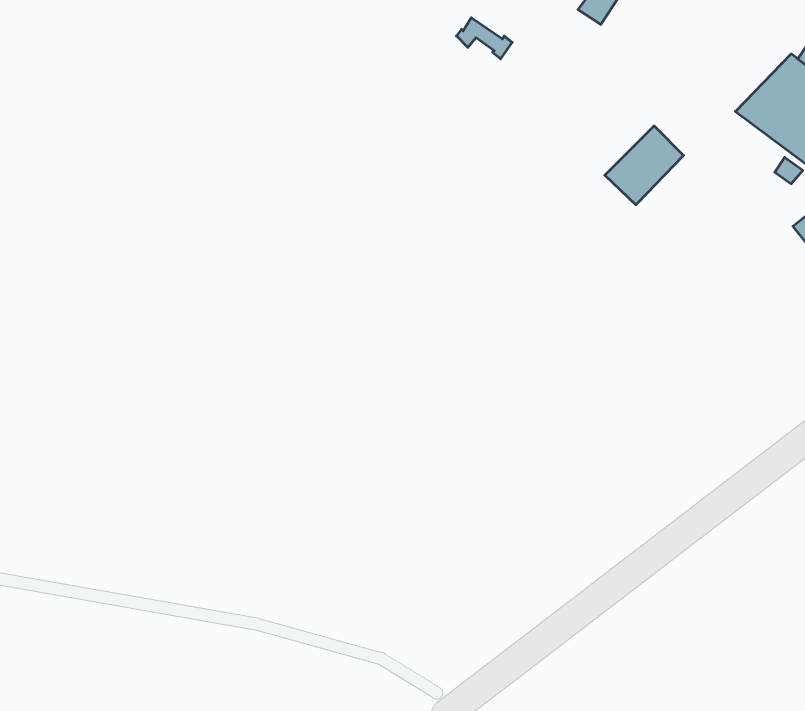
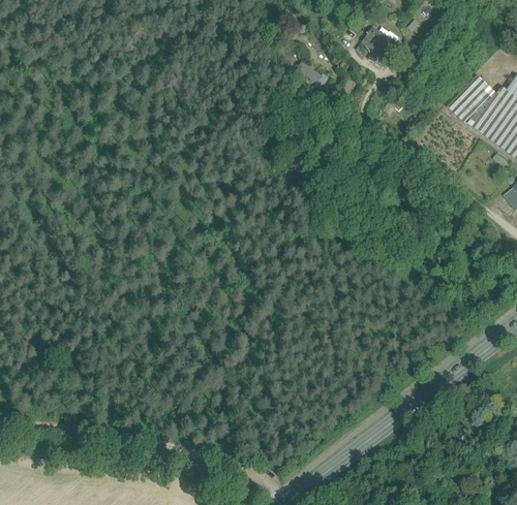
building: [605,126,684,205] -> [447,74,496,124]

